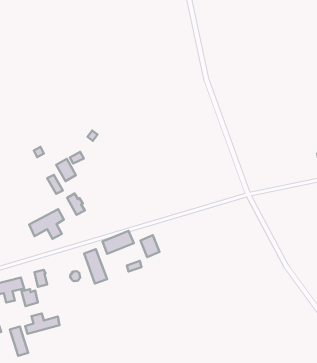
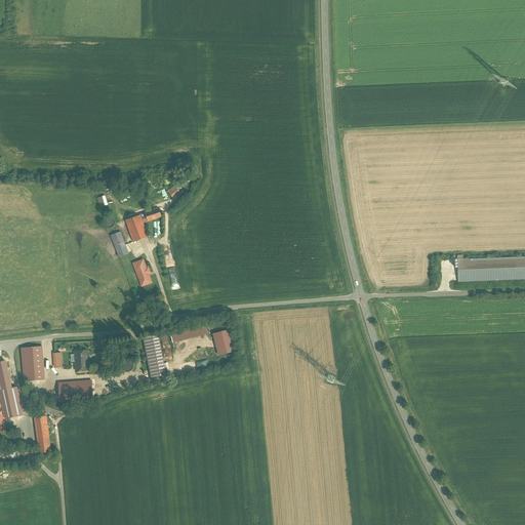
building: [29,209,64,239] -> none
building: [25,313,59,334] -> none

